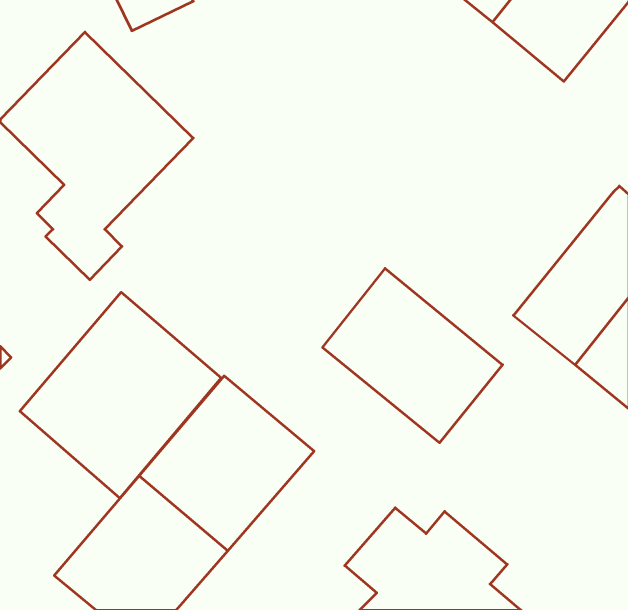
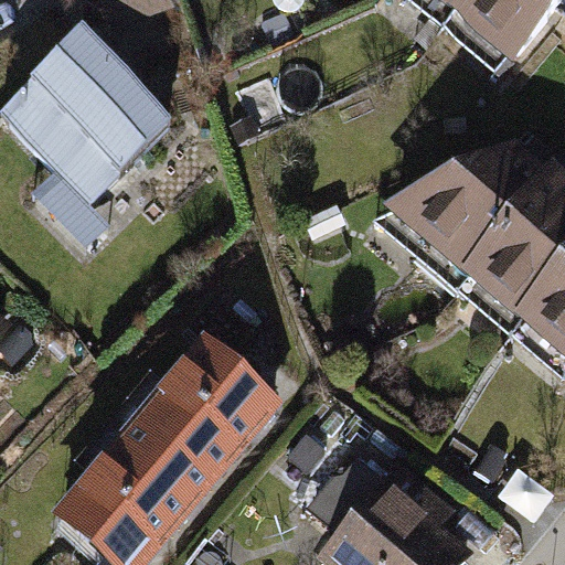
building: none -> [379,145,551,282]
building: [323,268,503,443] -> none
building: [20,292,221,498] -> none

